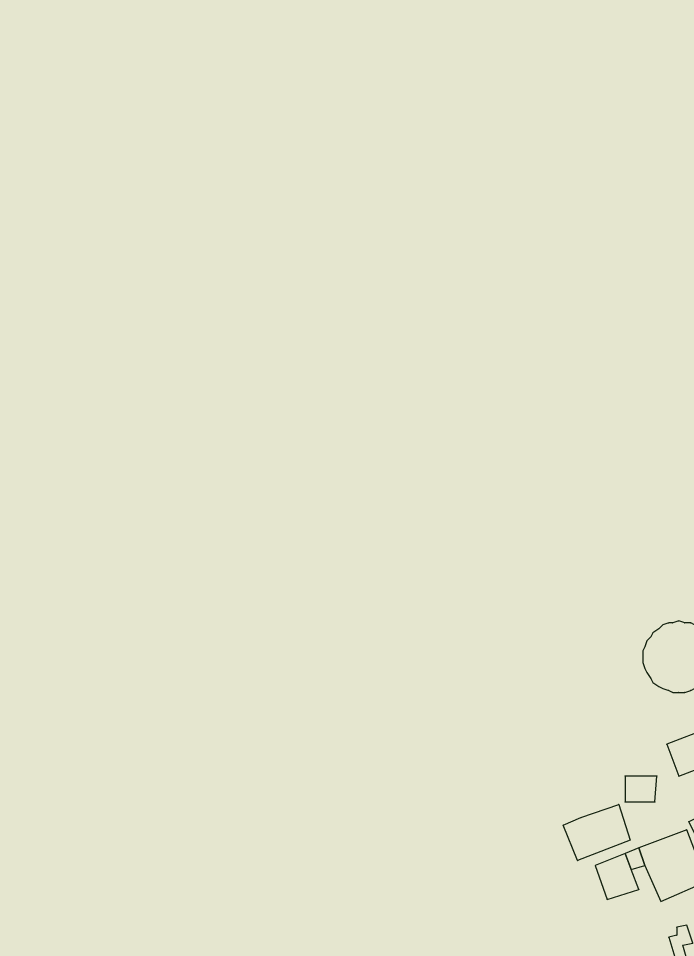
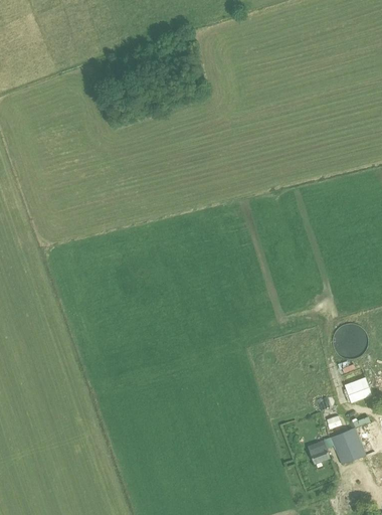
building: [563,804,630,861] -> none

